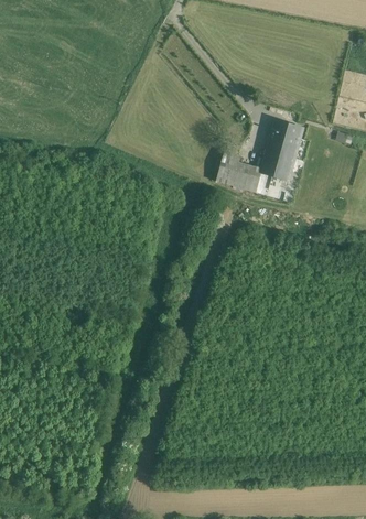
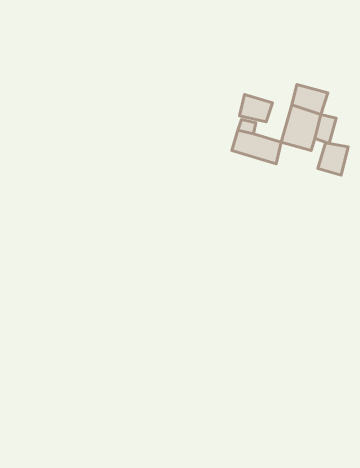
building: none -> [239,95,273,122]
building: none -> [318,143,348,175]

